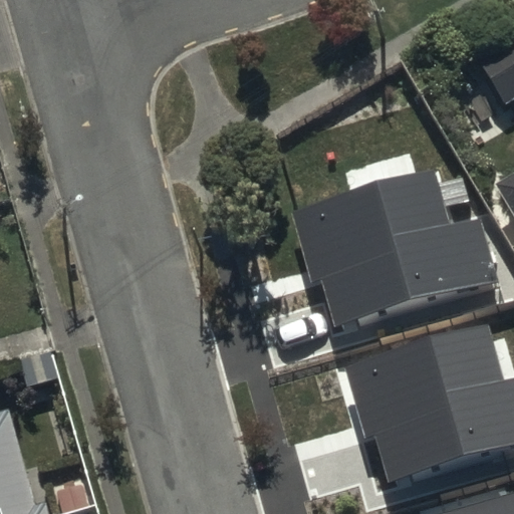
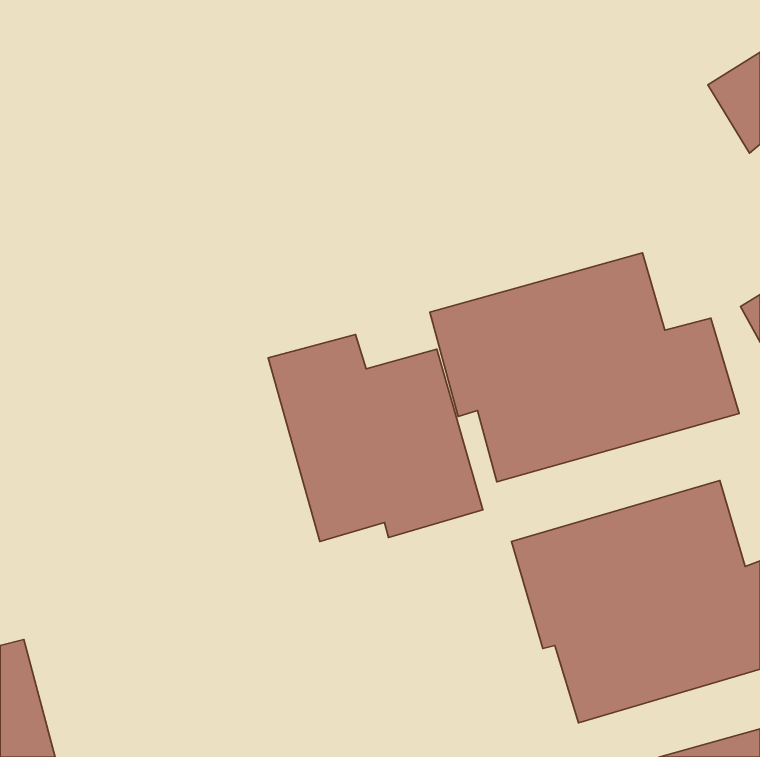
building: none -> [268,334,483,541]

